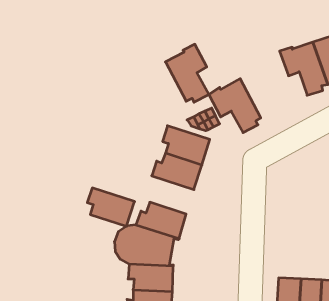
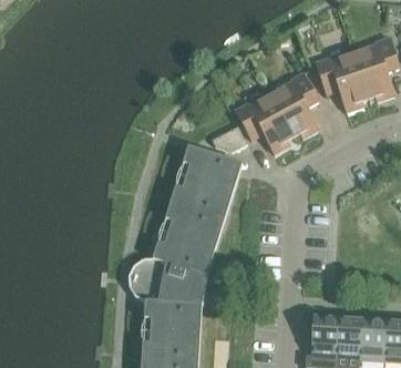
building: [165,44,209,102] -> [271,72,320,137]
building: [87,188,135,226] -> [166,202,219,245]

